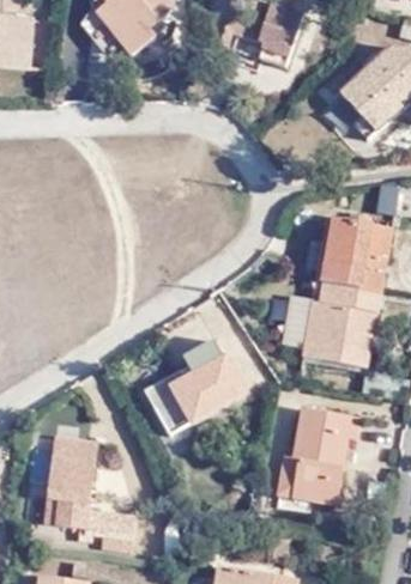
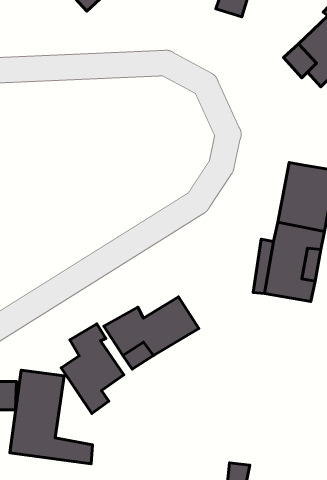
building: none -> [61,324,124,413]
building: [277,406,358,500] -> none

